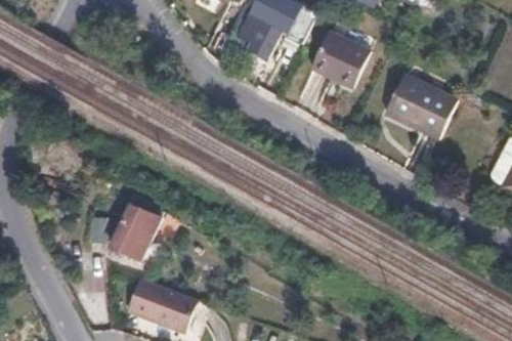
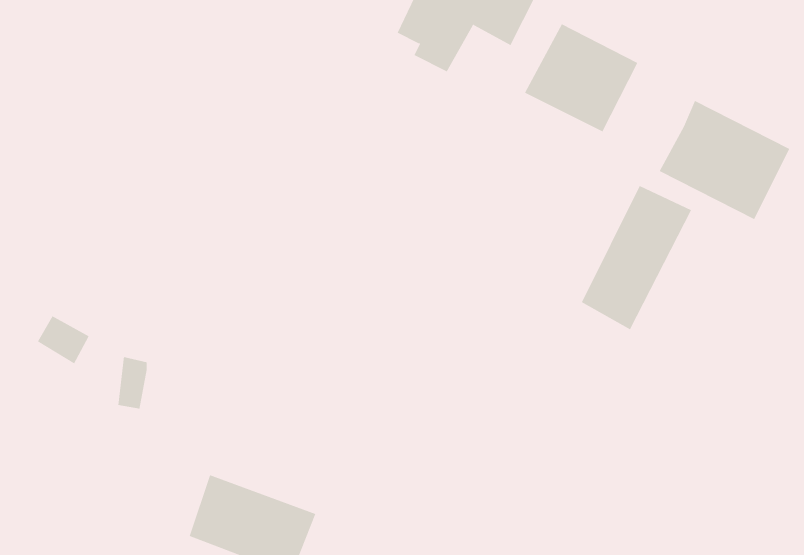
building: none -> [581,185,692,330]
building: [110,201,159,257] -> none

